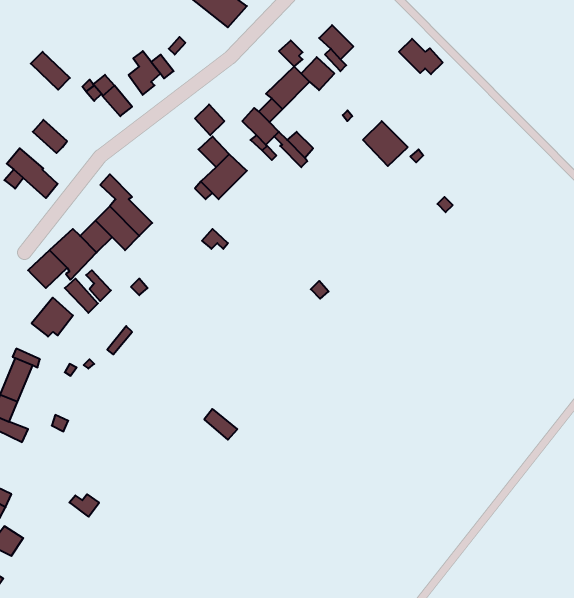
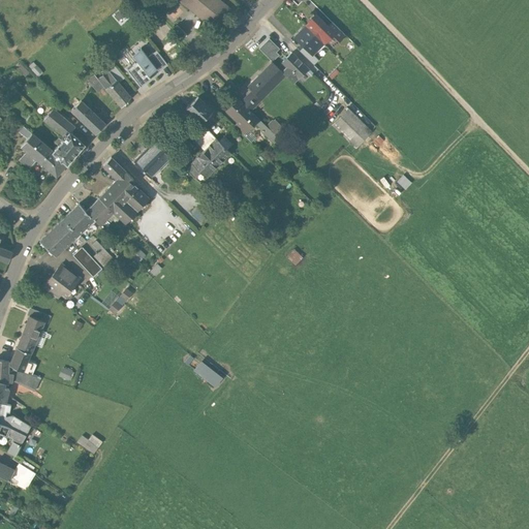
building: [399,39,443,74] -> [306,14,344,45]
building: [31,52,70,90] -> [71,99,105,132]
building: none -> [53,132,85,164]
building: none -> [135,141,173,178]

